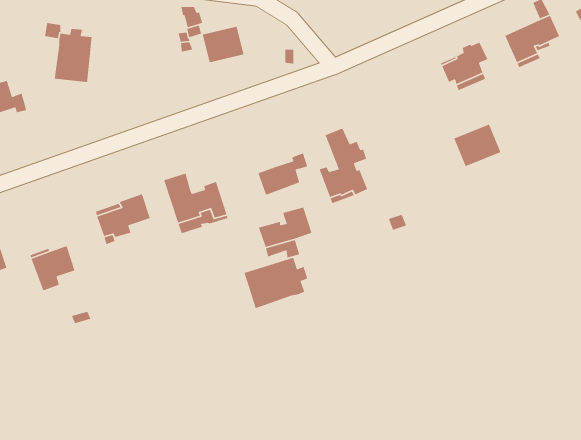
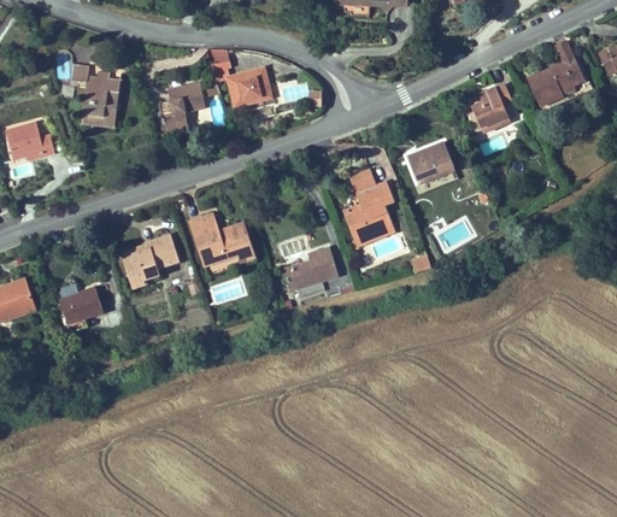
building: none -> [158,83,205,131]
building: [453,124,502,167] -> [406,141,454,184]
building: [257,152,308,196] -> none
building: [243,257,308,309] -> none

